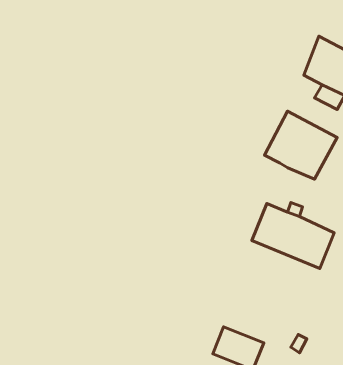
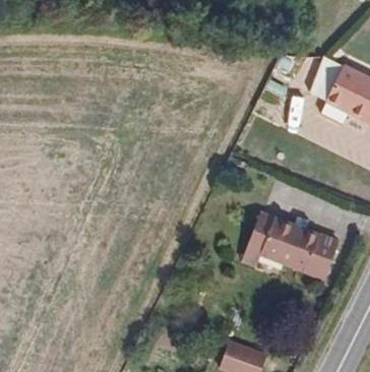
building: [264,111,337,179] -> none

